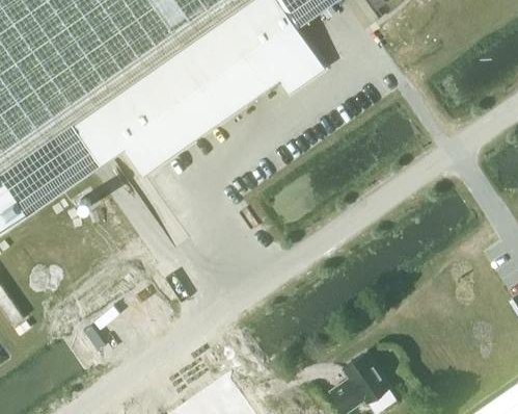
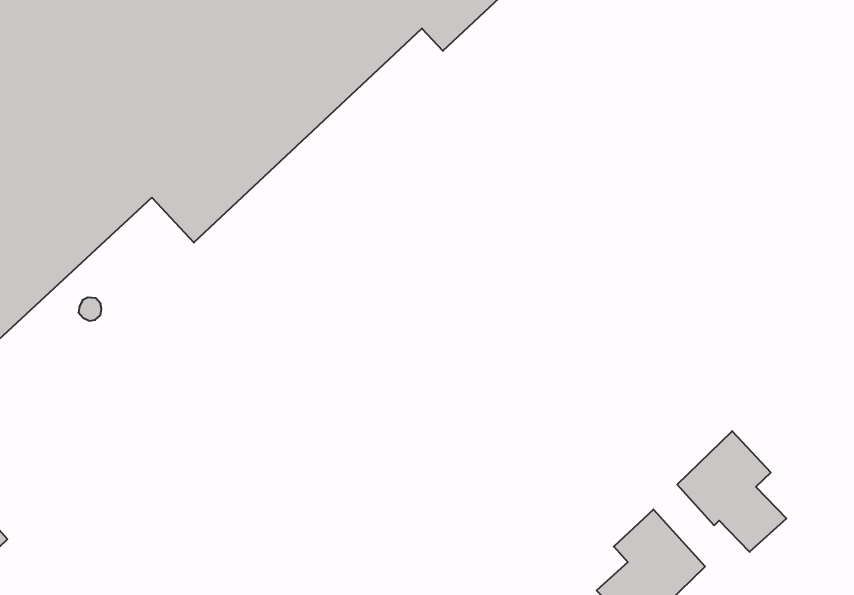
building: none -> [677,431,786,552]

